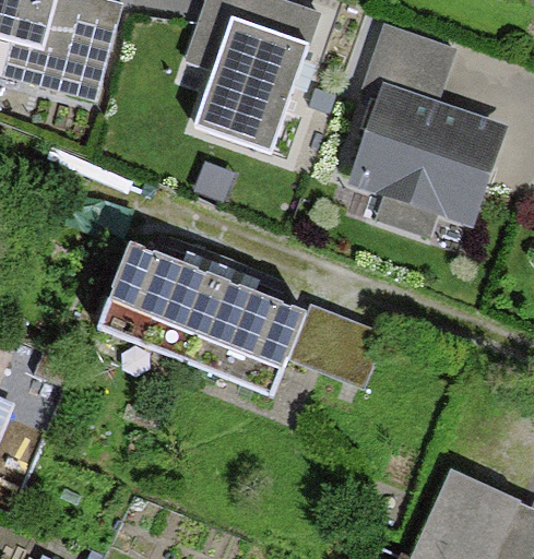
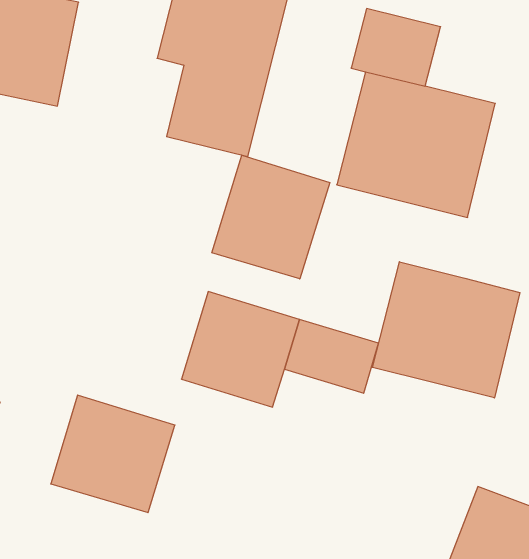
building: none -> [212,155,330,279]
building: [105,246,222,357] -> [51,395,175,513]
building: none -> [372,262,520,398]

